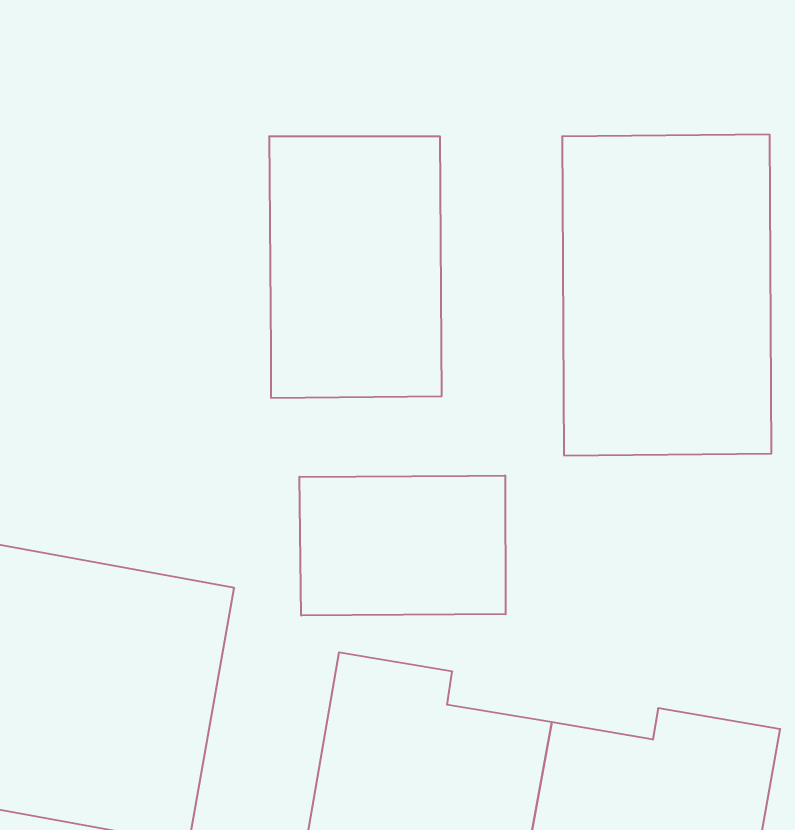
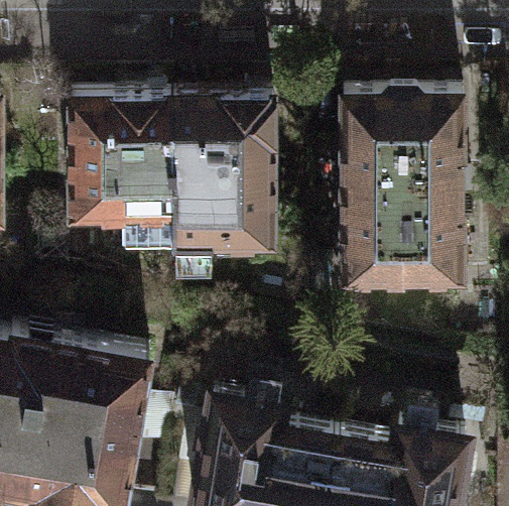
building: none -> [69,94,174,218]
building: [299,475,506,616] -> none

